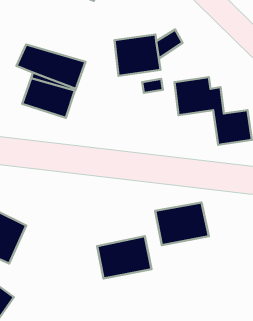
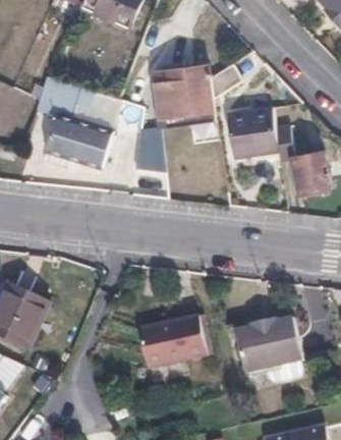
building: [155,202,209,245] -> [237,323,303,376]

